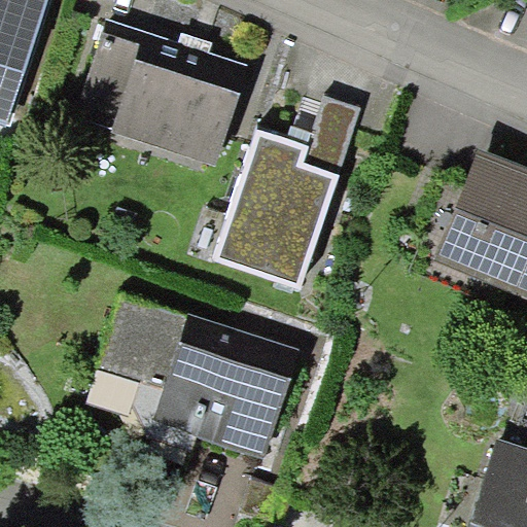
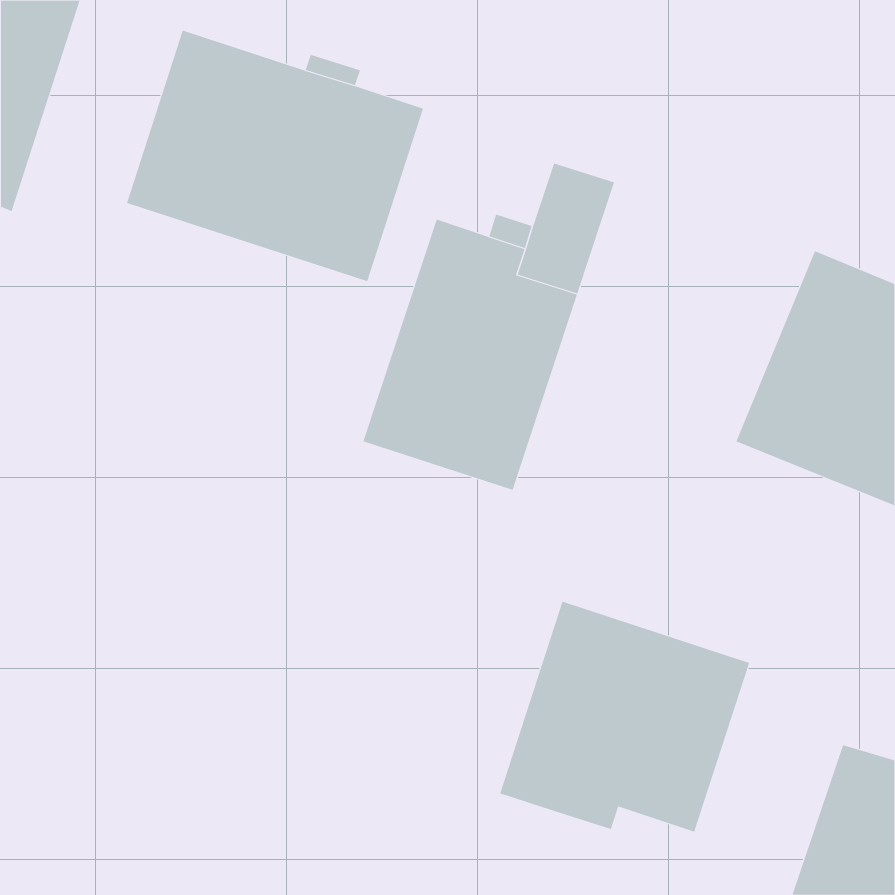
building: [98,295,300,459] -> none
building: none -> [500,601,750,833]

